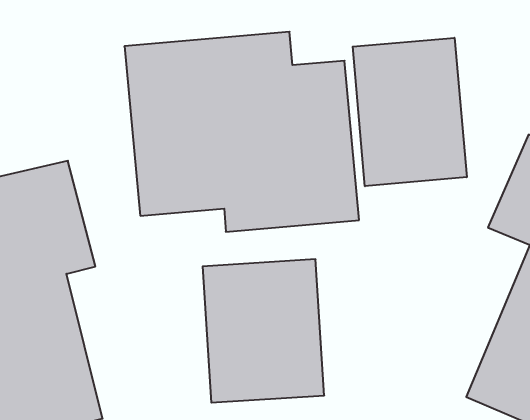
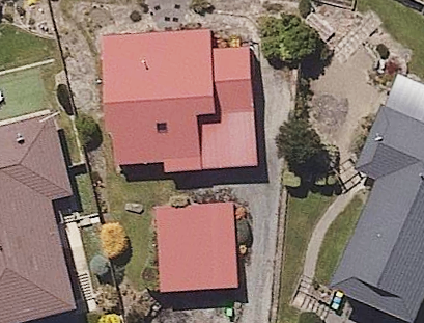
building: [353,38,467,186] -> none

